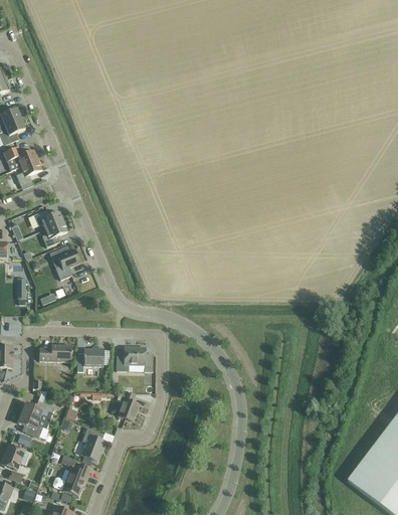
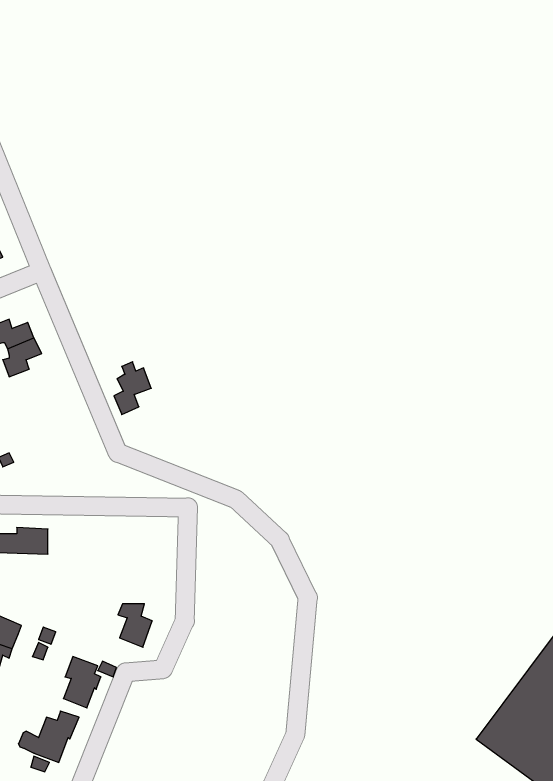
building: [55,245,79,280] -> [114,362,151,415]
building: [116,346,153,371] -> none
building: [77,347,104,371] -> none

